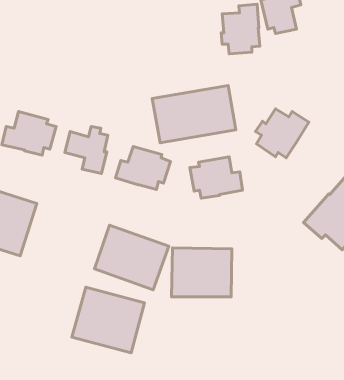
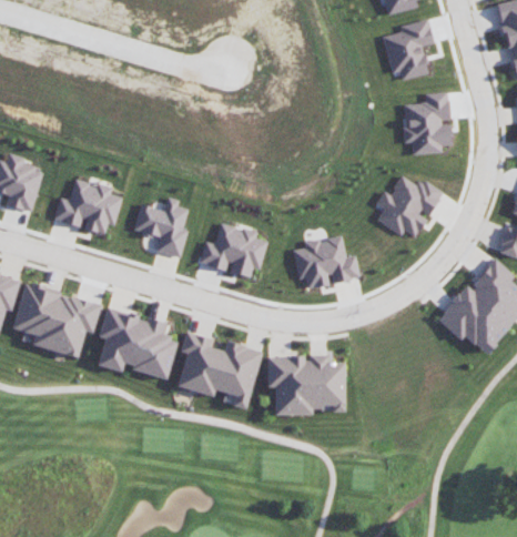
building: [221,4,260,54] -> [402,93,450,156]
building: [152,85,236,143] -> none
building: [72,287,144,353] -> [87,302,179,385]

